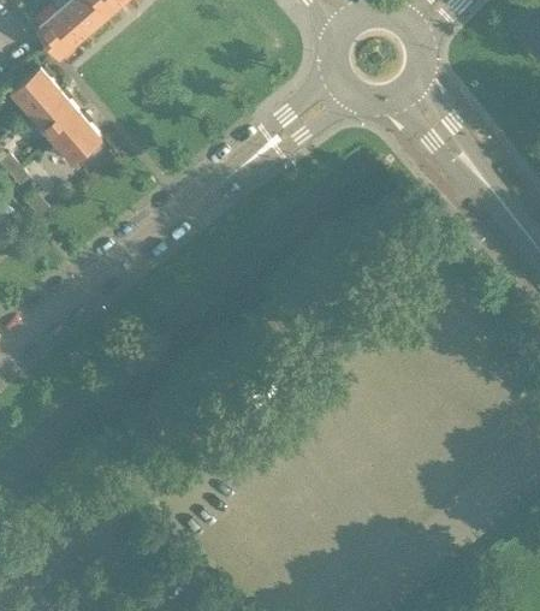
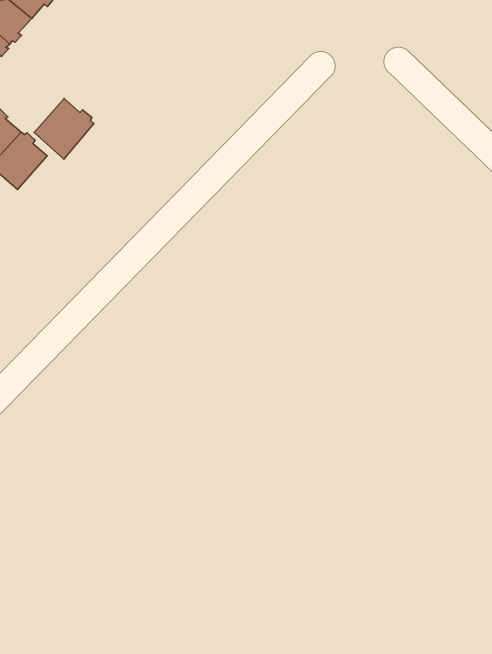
building: none -> [34,99,94,159]

